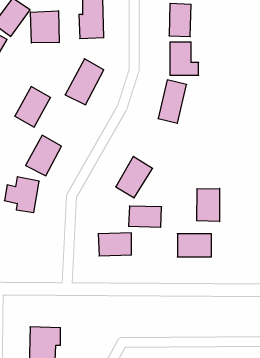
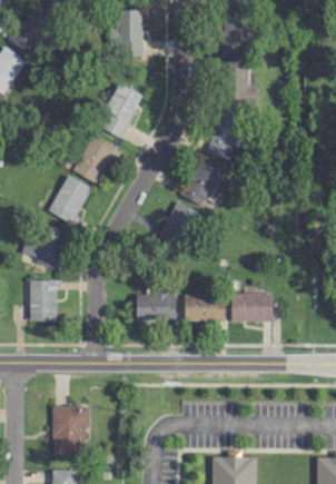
building: [31,11,59,43] -> none
building: [15,87,51,127] -> [72,135,116,184]
building: none -> [182,160,223,207]
building: [197,188,220,222] -> none
building: [129,206,162,227] -> [184,295,224,320]
building: none -> [29,280,57,322]

